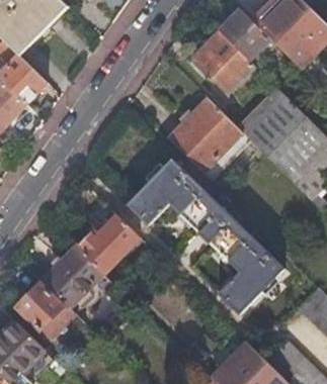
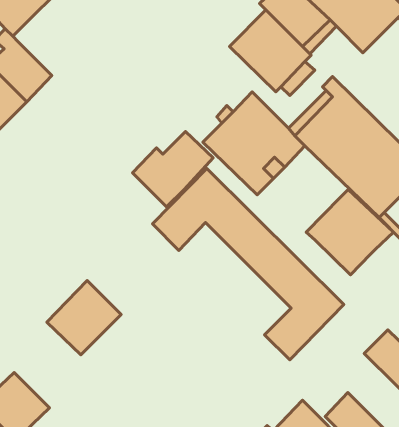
building: none -> [306,189,394,275]
building: [75,215,140,276] -> [133,131,213,207]
building: [16,282,86,348] -> none

